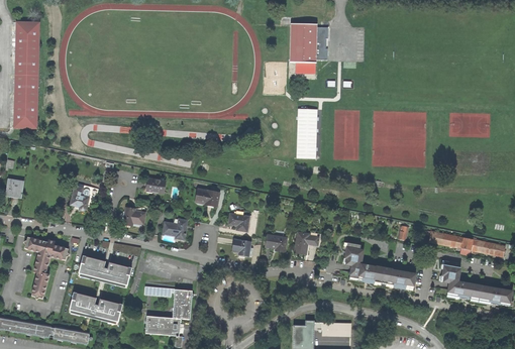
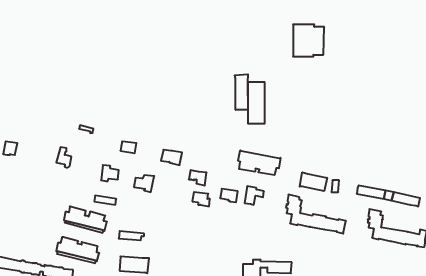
building: [13,21,40,129] -> none
building: [291,23,328,62] -> [293,24,324,57]
building: none -> [235,74,248,110]
building: none -> [238,150,280,175]
building: none -> [300,172,327,191]
building: [25,236,69,299] -> none
building: [173,289,193,319] -> none

